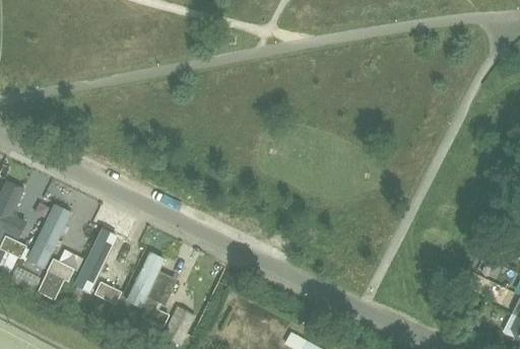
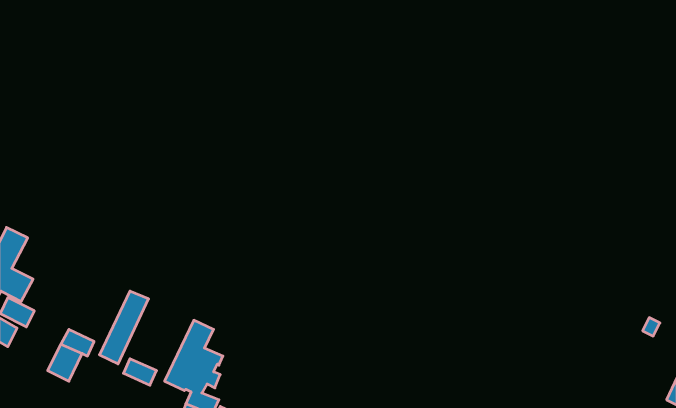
building: [25,205,70,271] -> none

